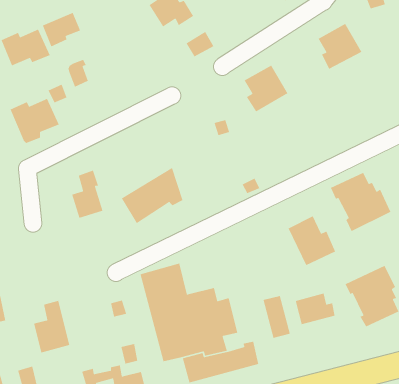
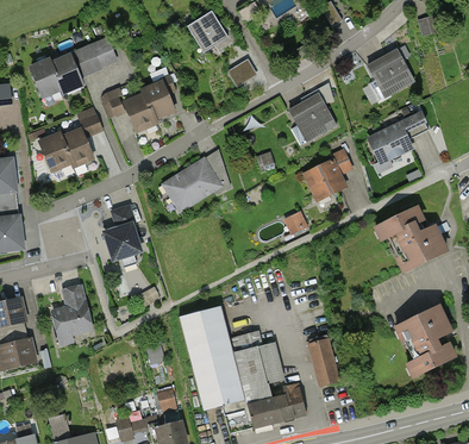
building: none -> [123,75,175,131]
building: none -> [368,112,429,171]
building: none -> [305,149,350,199]
building: [121,167,184,224] -> [163,150,230,211]
building: [287,215,336,266] -> none
building: [295,293,336,325] -> none
building: [33,300,70,353] -> [52,284,92,342]

